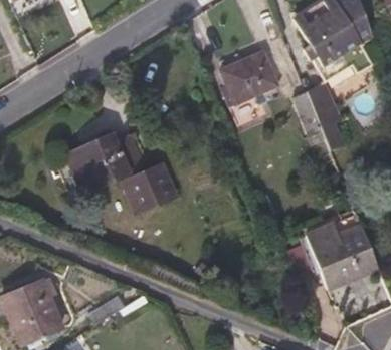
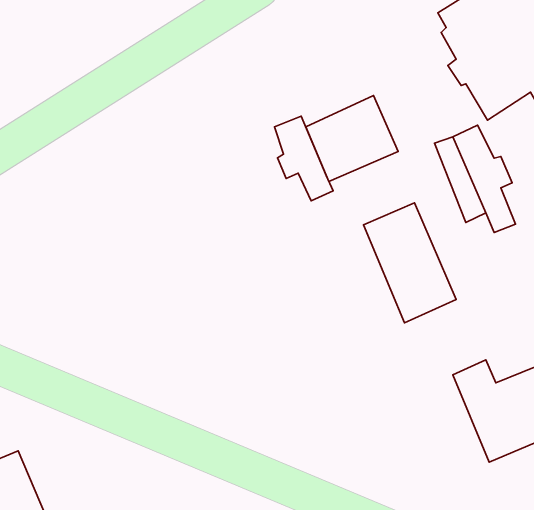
building: none -> [274,116,333,201]
building: none -> [364,203,456,323]
building: [55,131,166,208] -> none

